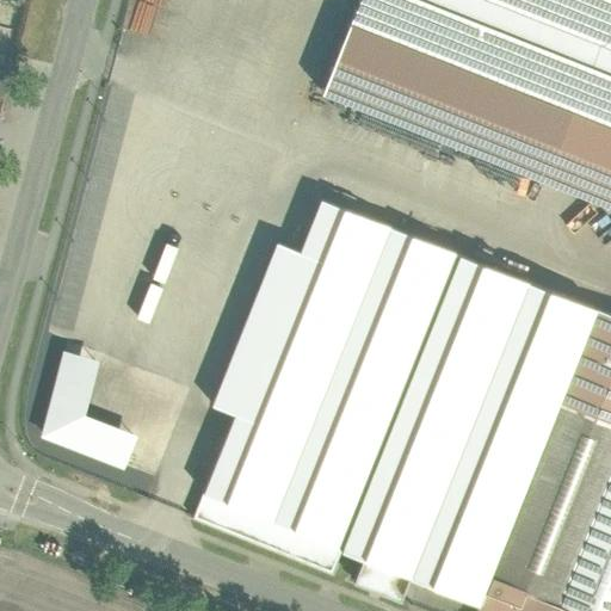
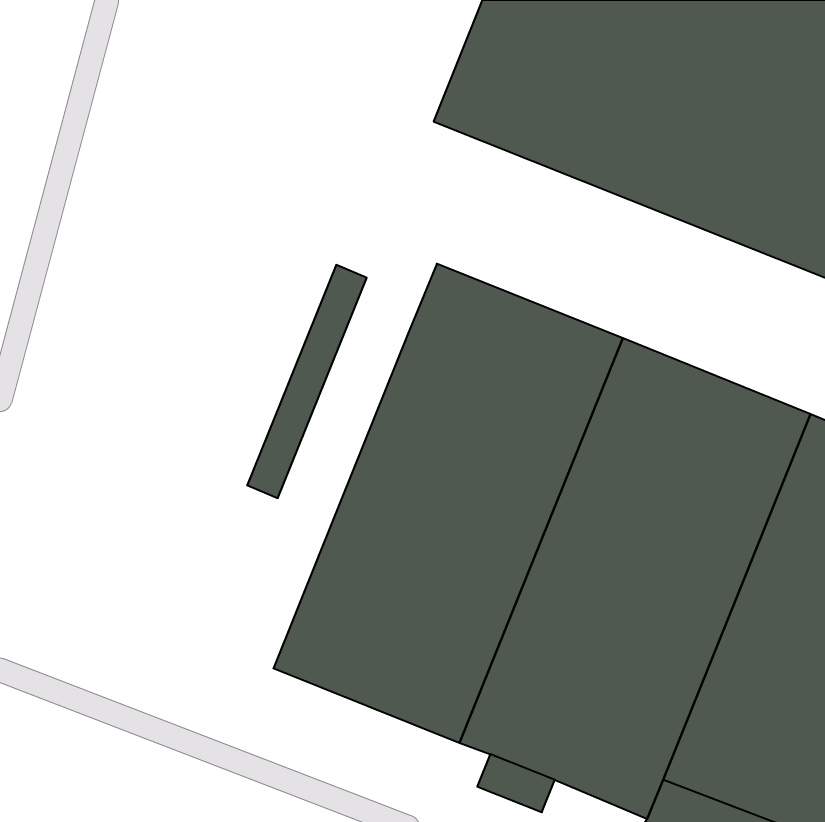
building: [214,241,302,413] -> [247,265,367,498]
building: [47,353,134,464] -> none
building: [193,496,340,575] -> none

